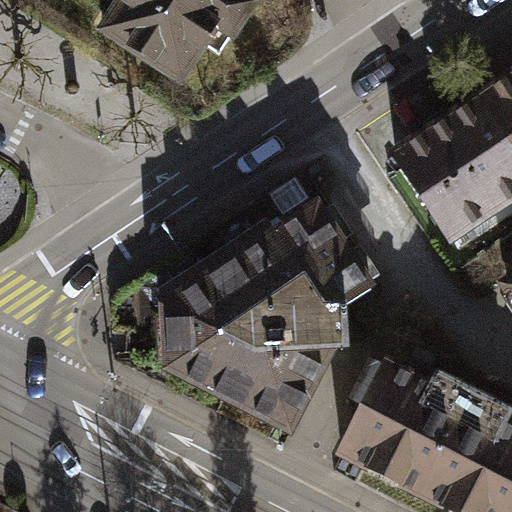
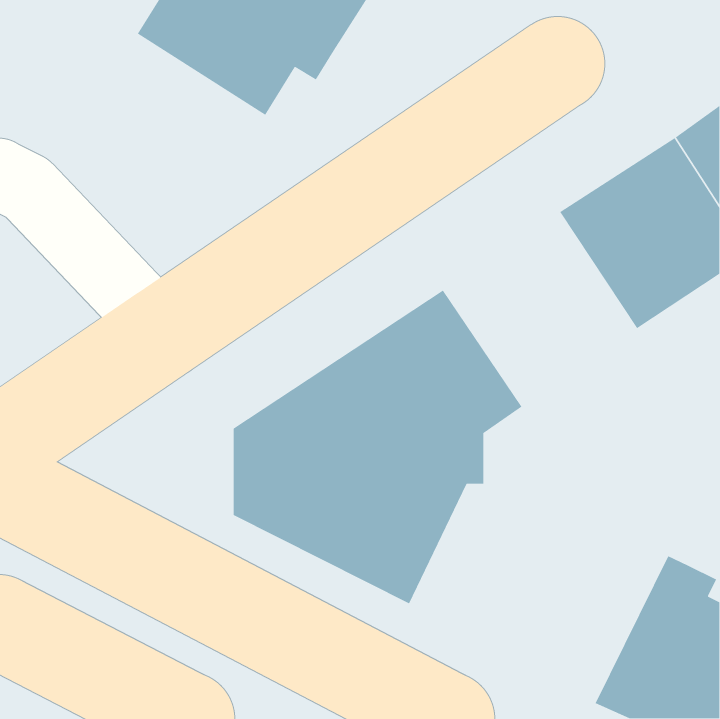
building: [337,363,473,498] -> none

